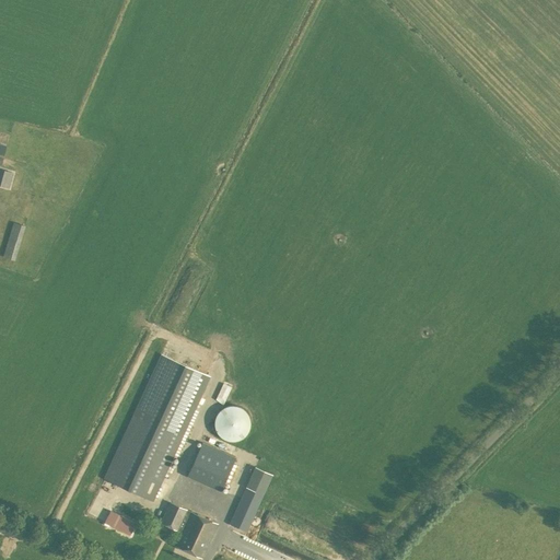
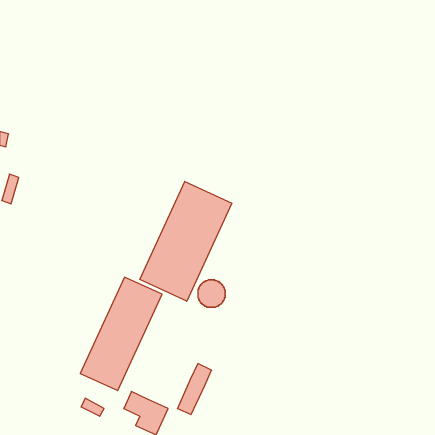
building: none -> [140,181,232,301]
building: [213,405,248,440] -> [198,280,225,307]
building: [186,443,235,492] -> none

